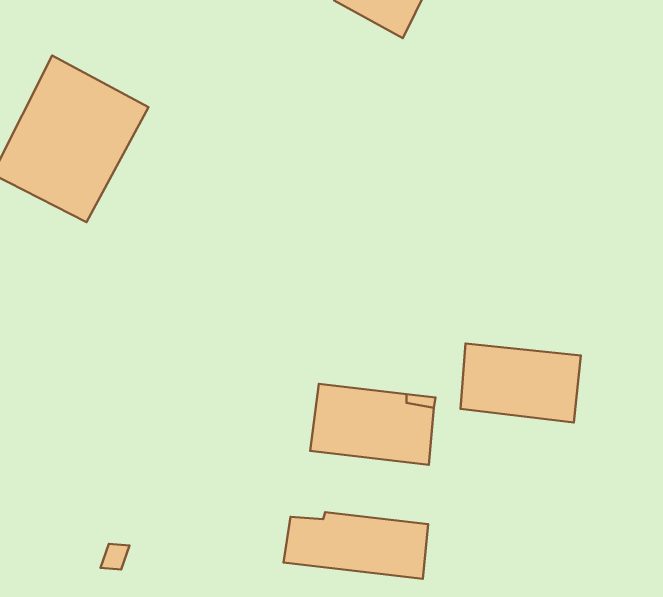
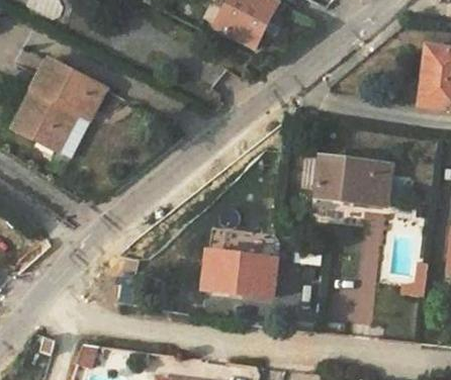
building: [460,343,581,423] -> [318,159,388,205]
building: [284,512,428,579] -> none

